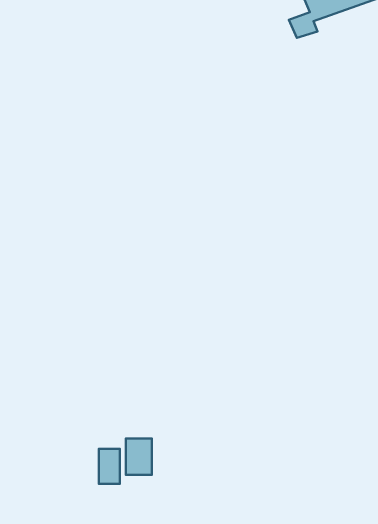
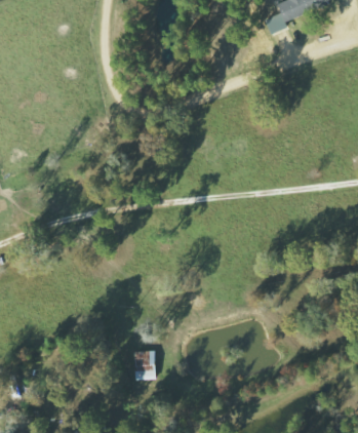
building: [99,449,120,484] -> none

